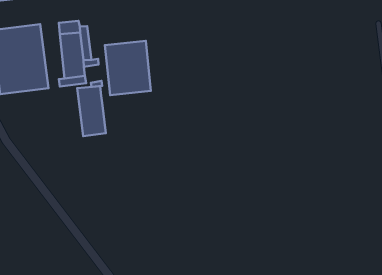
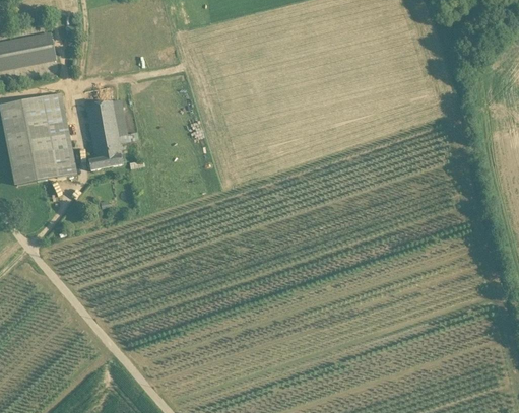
building: [105,41,151,95] -> none
building: [77,86,106,136] -> none

